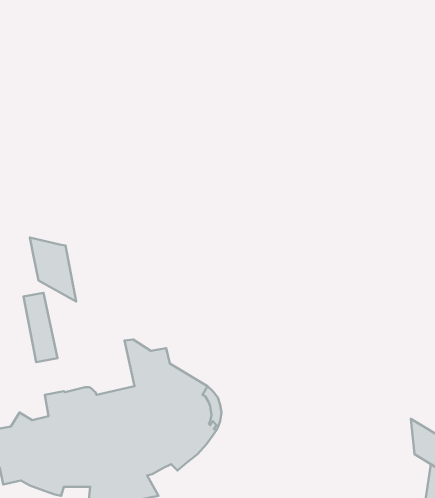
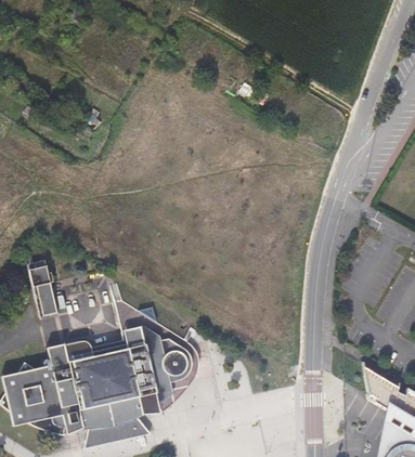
building: [30,237,76,301] -> none

